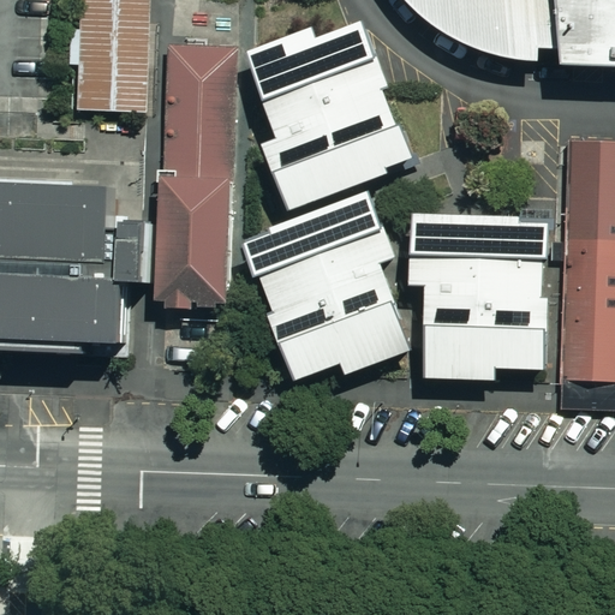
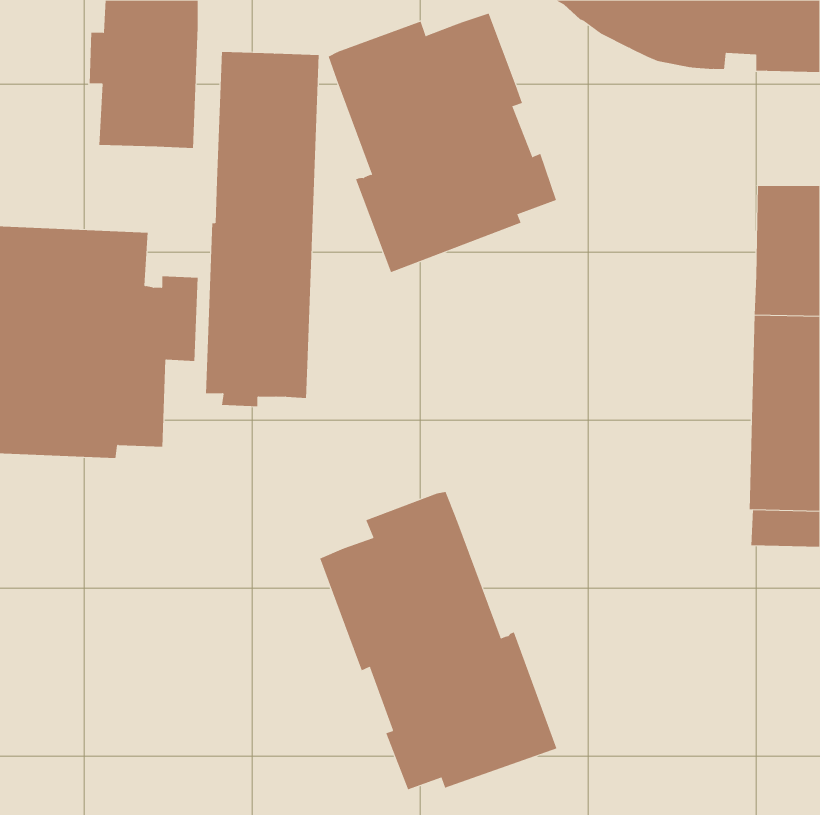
building: [243,187,414,382] -> none
building: [410,211,550,381] -> none
building: none -> [320,491,557,790]

